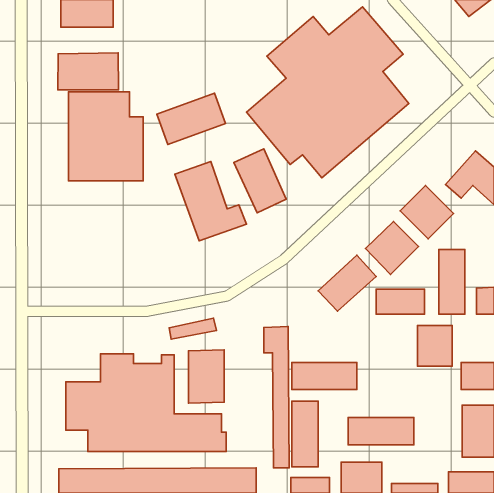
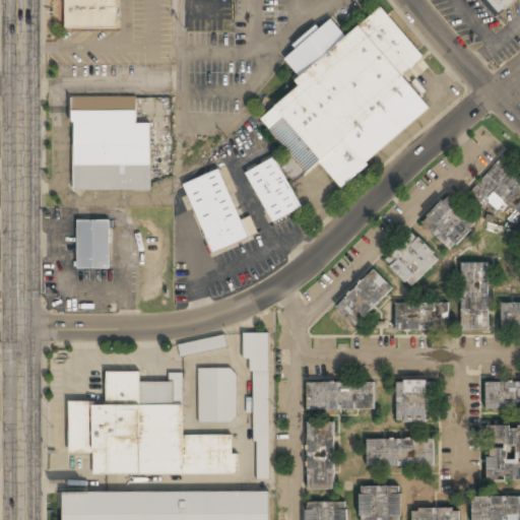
building: [58,53,119,90] -> none
building: [157,93,226,144] -> none
building: none -> [77,219,110,269]
building: [417,326,452,366] -> [395,380,432,422]
building: [264,327,289,468] -> [244,332,270,480]

